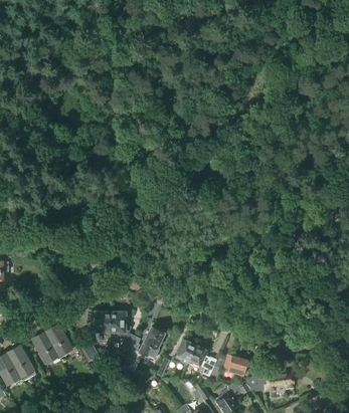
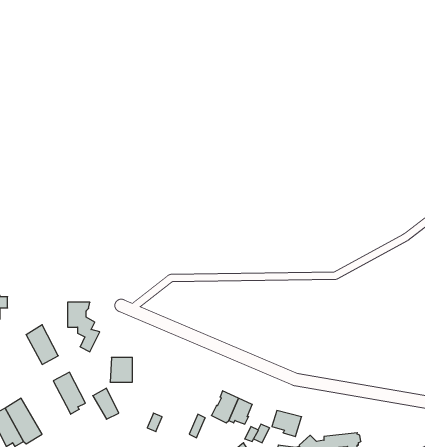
building: [110,312,136,352] -> [68,302,100,352]
building: [139,326,164,357] -> none
building: [32,331,58,363] -> [26,325,58,364]

